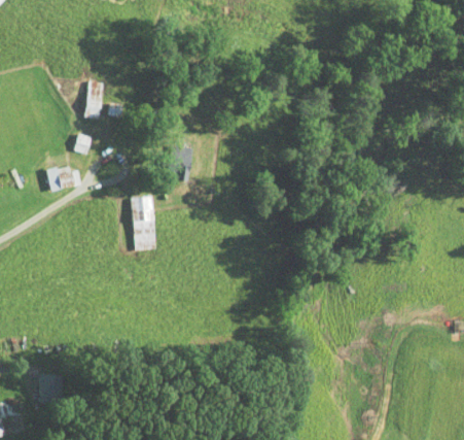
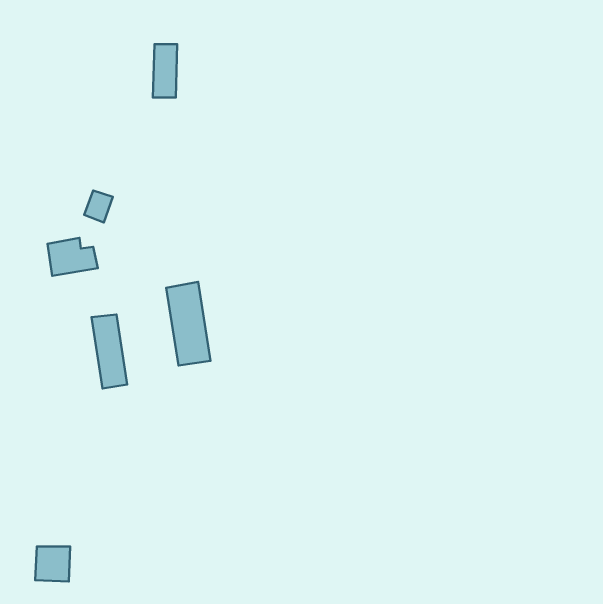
building: [85,81,102,117] -> [153,44,177,97]
building: none -> [91,314,127,389]

